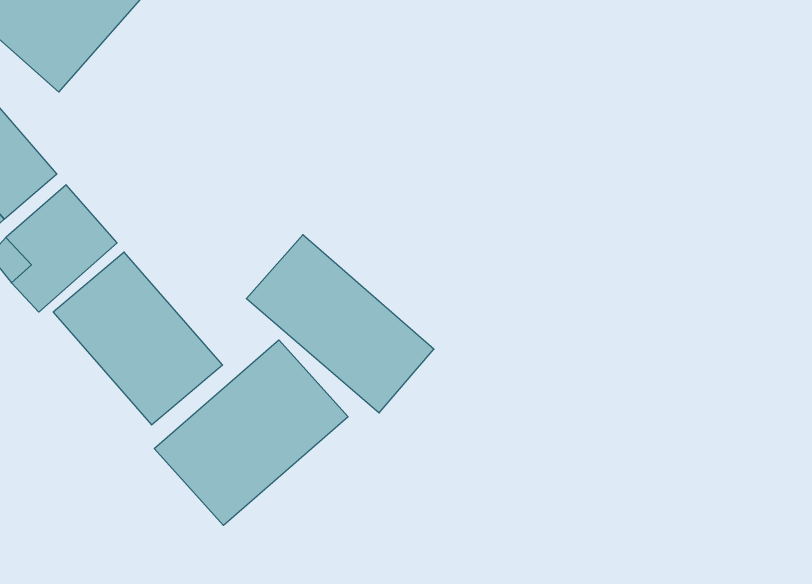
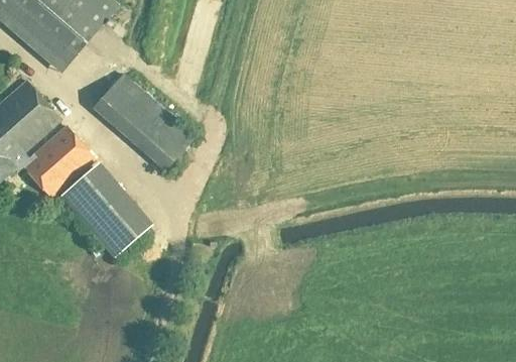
building: [246,235,434,413] -> [92,72,196,170]
building: [154,340,348,525] -> none

